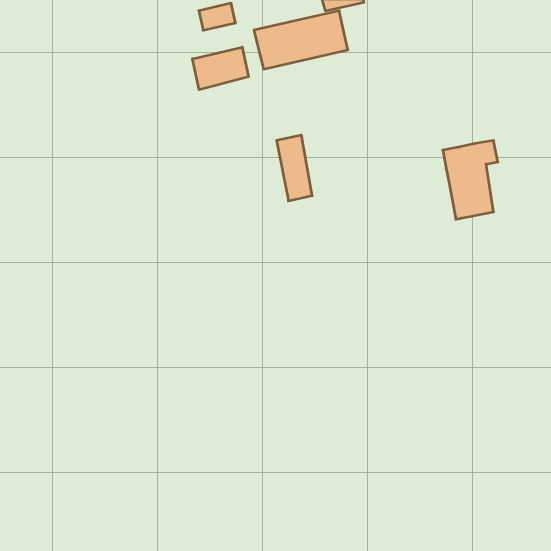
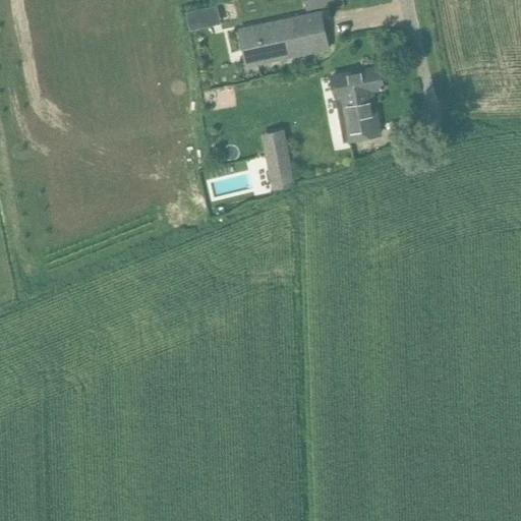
building: [192,47,249,90] -> none
building: [443,140,498,219] -> [331,67,383,141]

